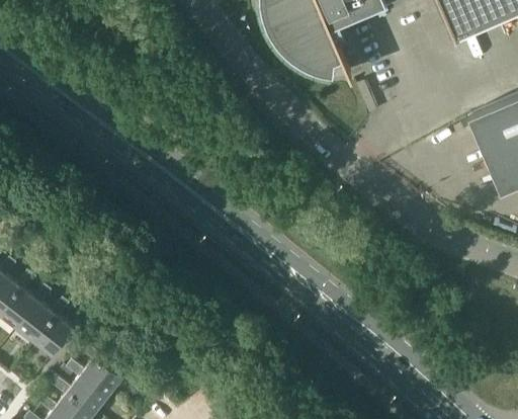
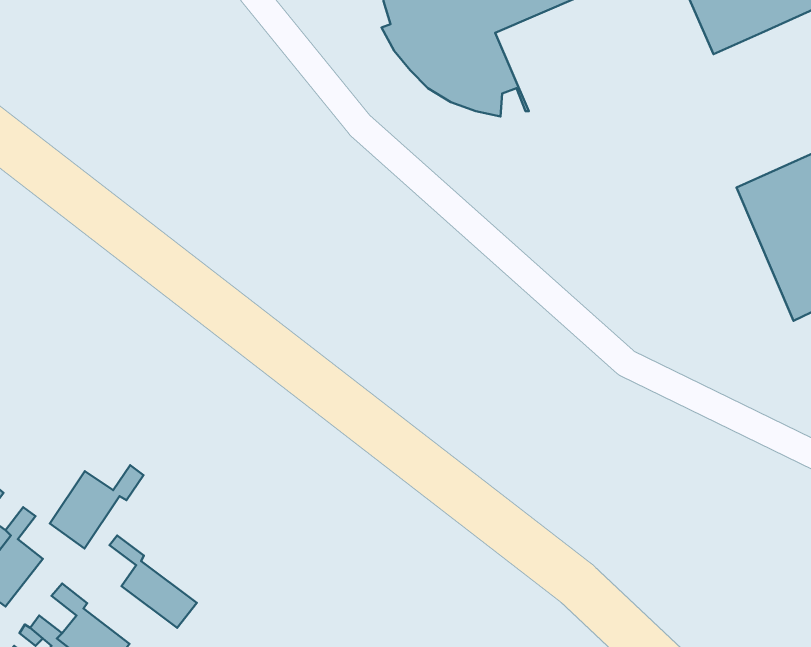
building: none -> [50,465,143,549]
building: none -> [110,536,197,628]

